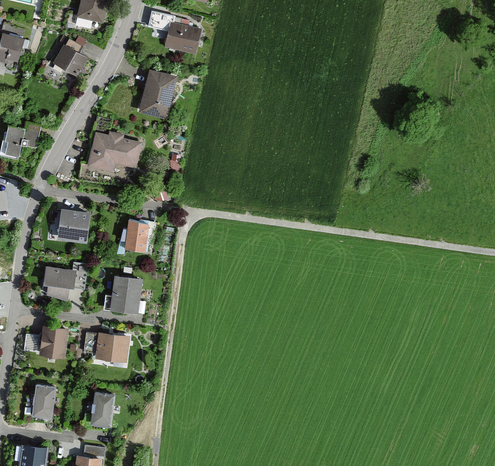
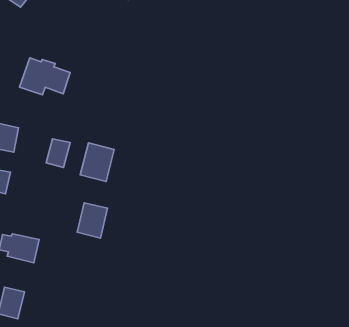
building: [137,70,175,119] -> none
building: none -> [80,143,114,181]
building: [111,277,142,315] -> [77,203,107,238]

